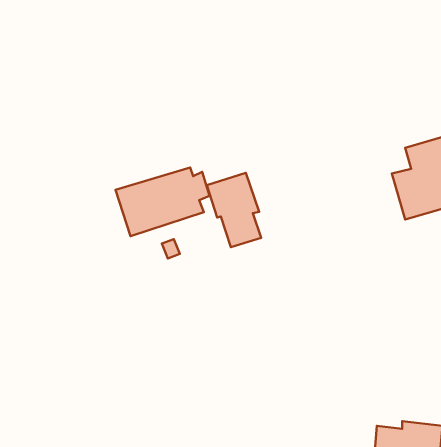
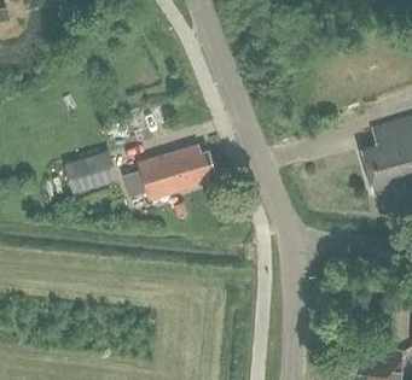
building: [207,173,261,247] -> none
building: none -> [65,151,118,194]

